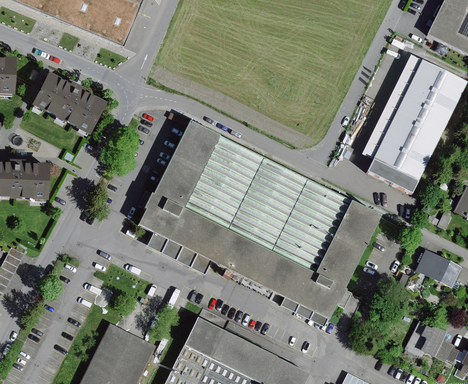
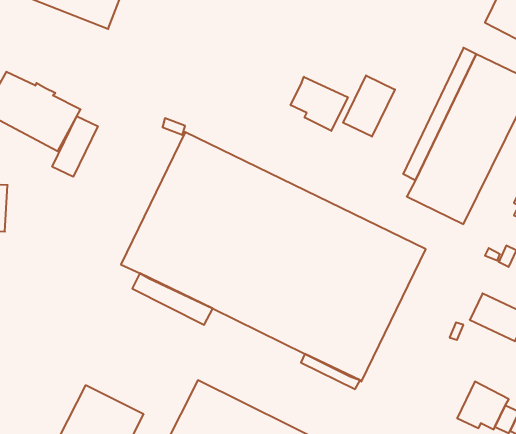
building: none -> [343,75,395,137]
building: none -> [291,77,348,131]
building: none -> [52,116,98,177]

